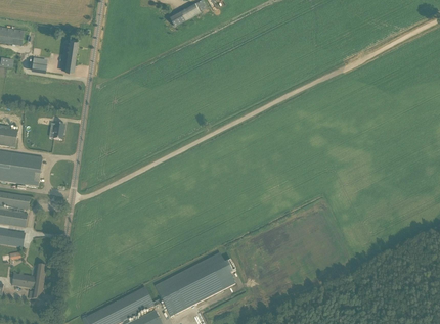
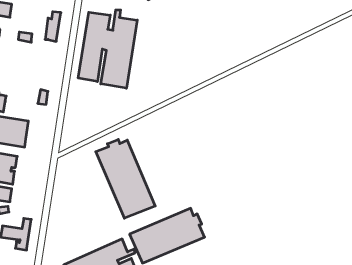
building: none -> [78,10,137,88]
building: none -> [96,139,155,218]

